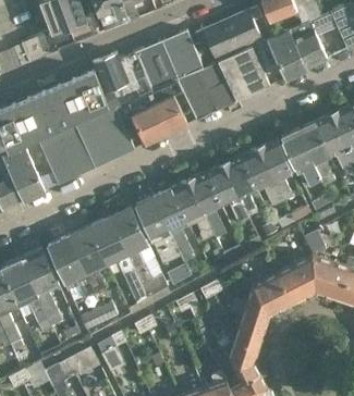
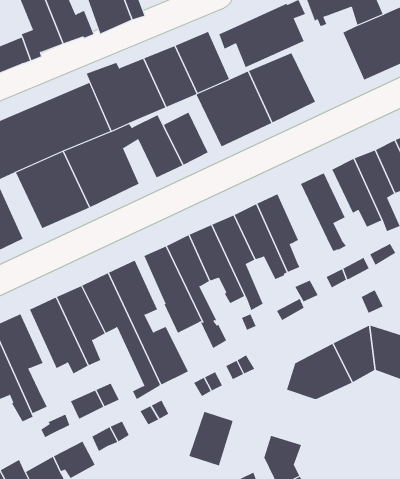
building: [269,33,306,78] -> none
building: [240,149,282,207] -> none
building: [234,308,269,350] -> [188,411,234,466]

